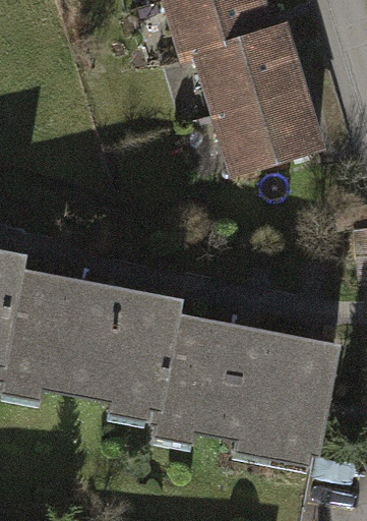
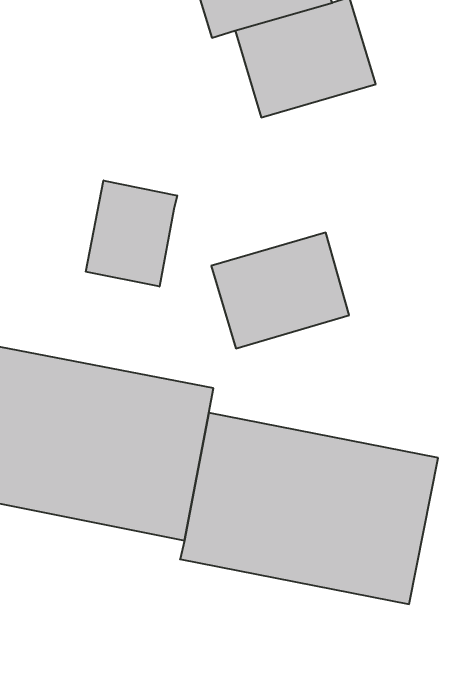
building: [212,88,309,169] -> [211,233,349,348]
building: none -> [86,180,177,287]

